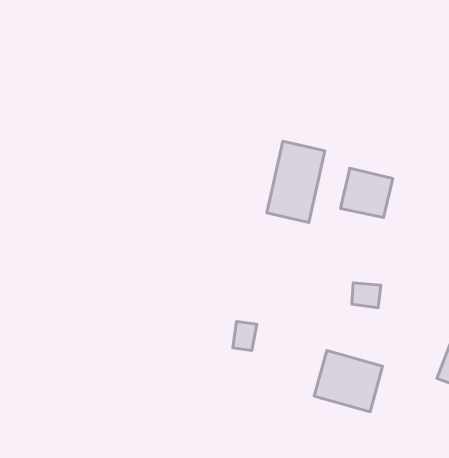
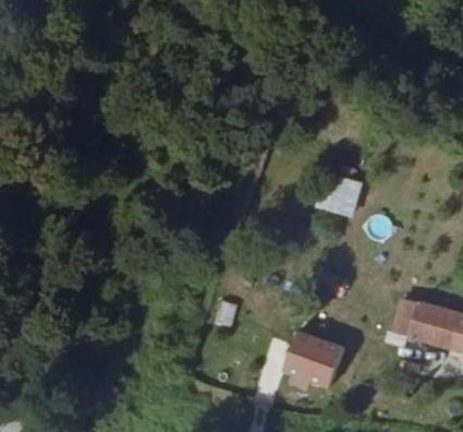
building: [267,141,325,223] -> none

